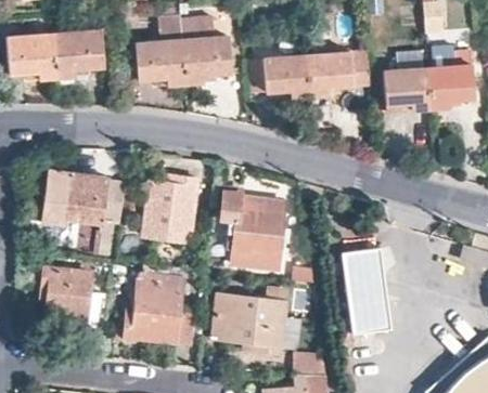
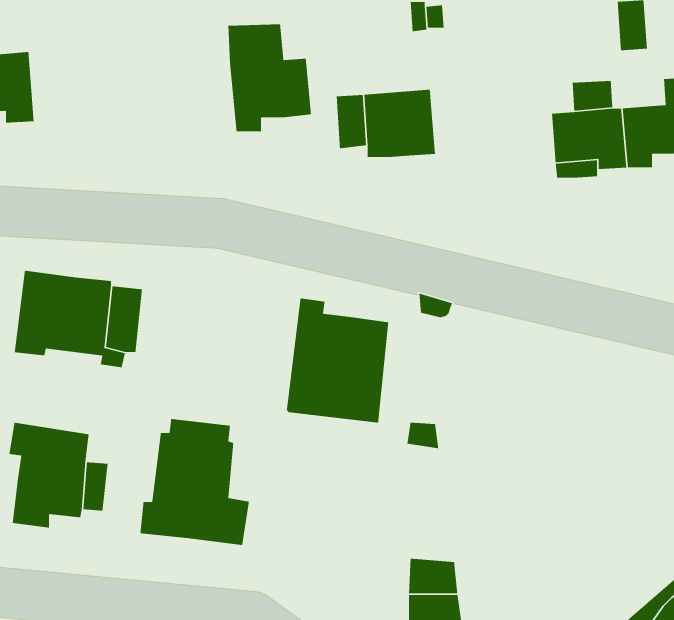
building: [137,14,187,84] -> none
building: [56,29,105,77] -> none
building: [309,53,371,97] -> none
building: [147,176,198,243] -> none
building: [344,250,390,336] -> none
building: [214,288,287,352] -> none

